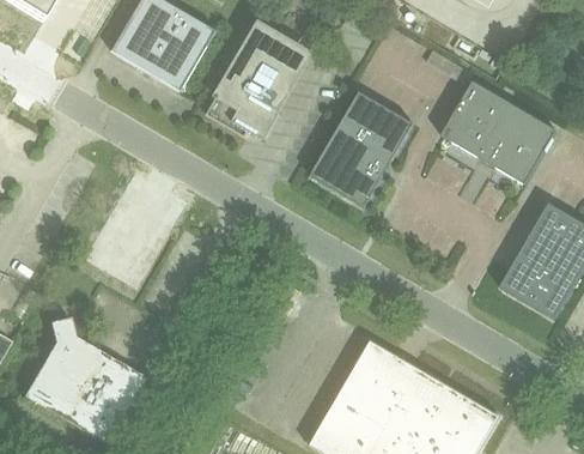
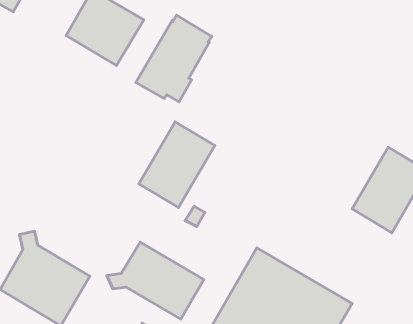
building: [440,80,556,184] -> none
building: [310,91,413,207] -> [139,122,215,208]
building: none -> [107,242,204,319]

